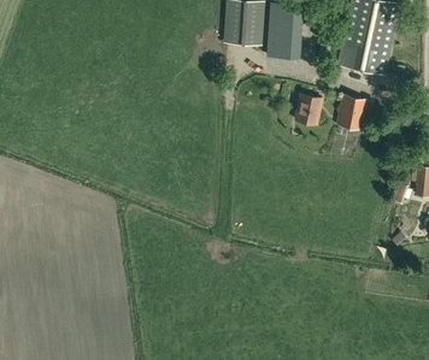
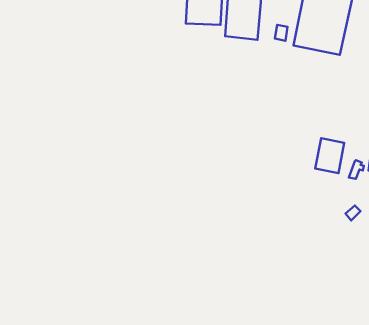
building: [294,95,321,125] -> none
building: [336,95,366,131] -> [315,138,344,173]

